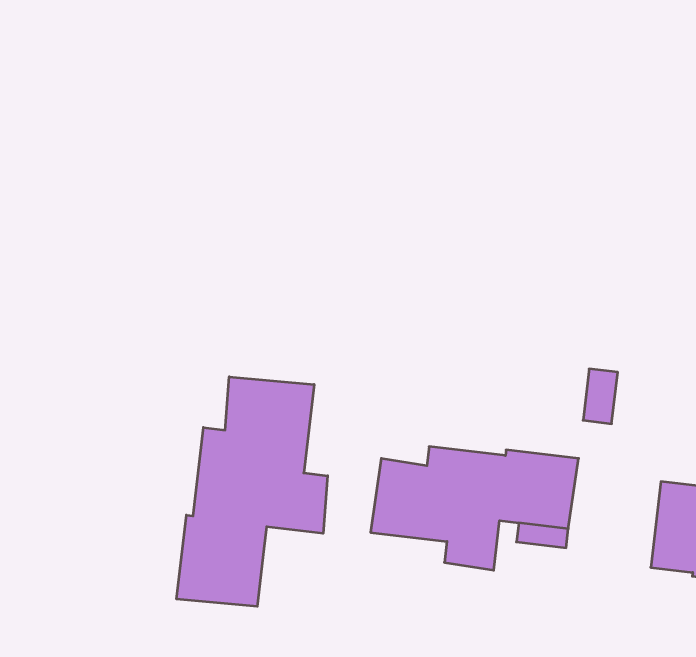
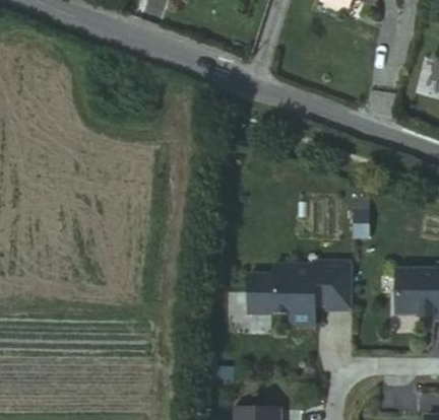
building: [177,377,328,606] -> none

